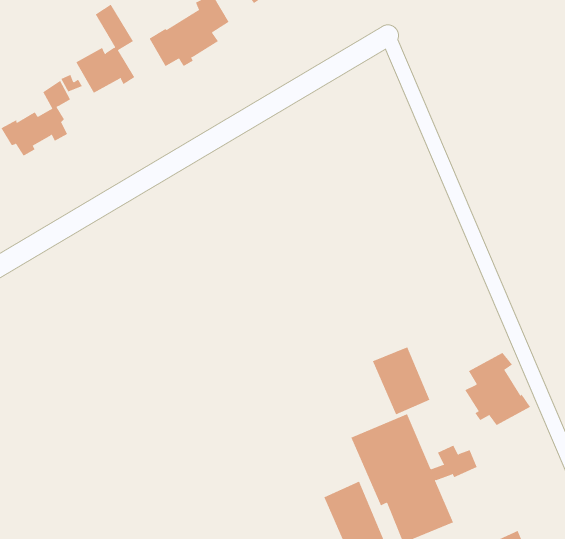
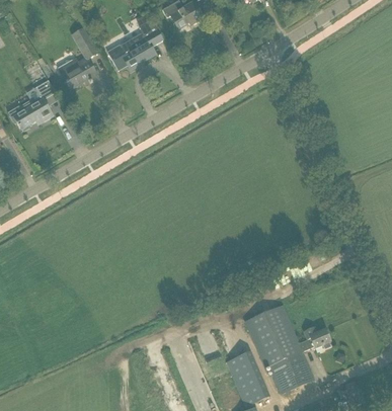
building: [372,347,430,415] -> none
building: [465,352,531,426] -> none

